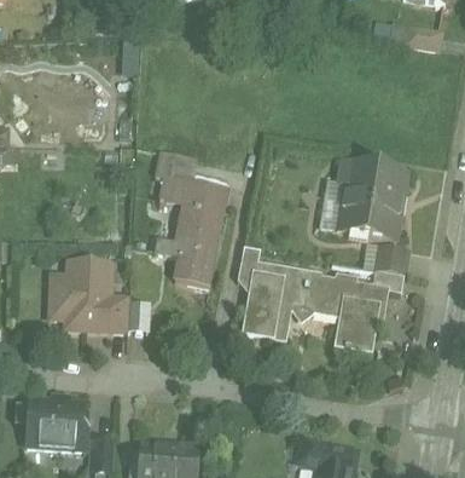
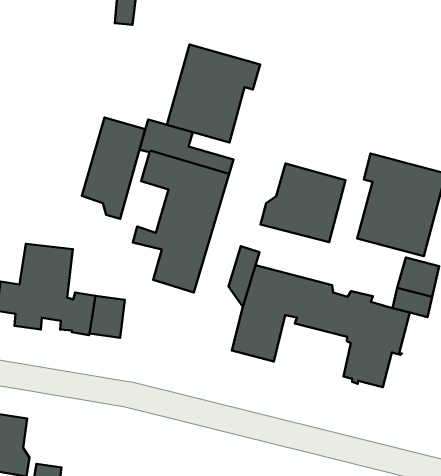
building: none -> [167,44,260,142]
building: none -> [82,118,145,219]
building: none -> [260,164,345,242]

